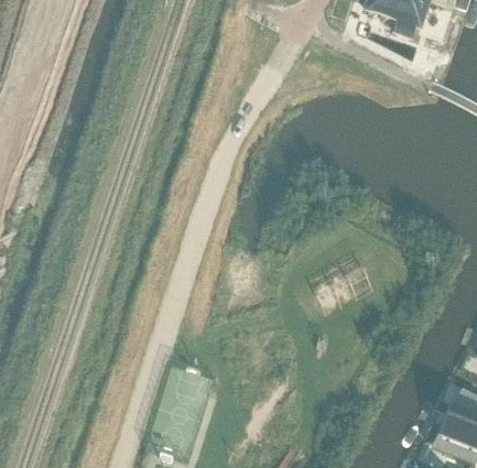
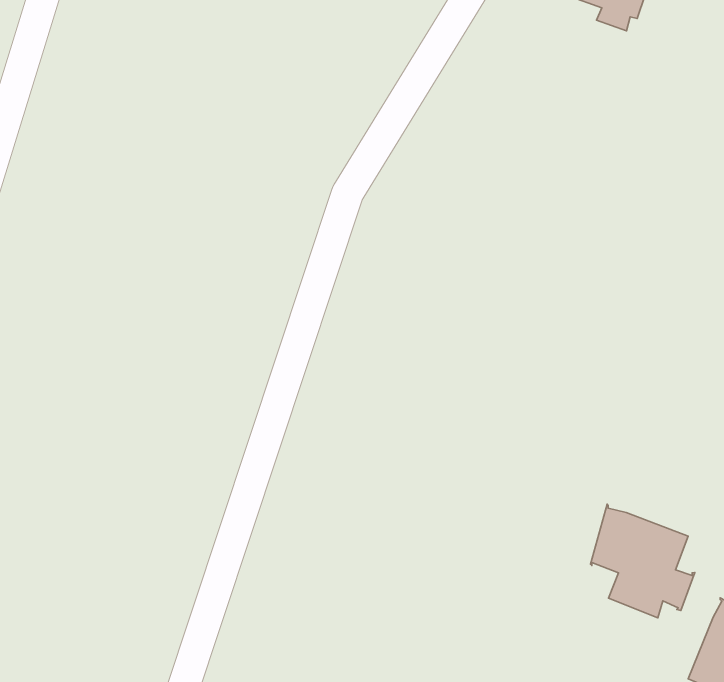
building: none -> [591,504,695,618]

